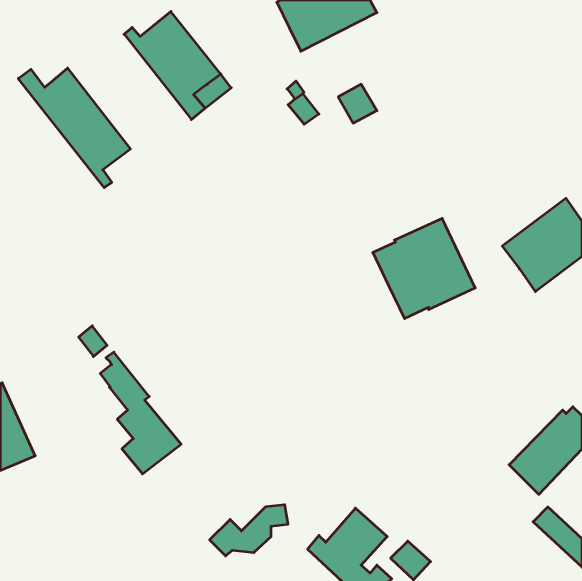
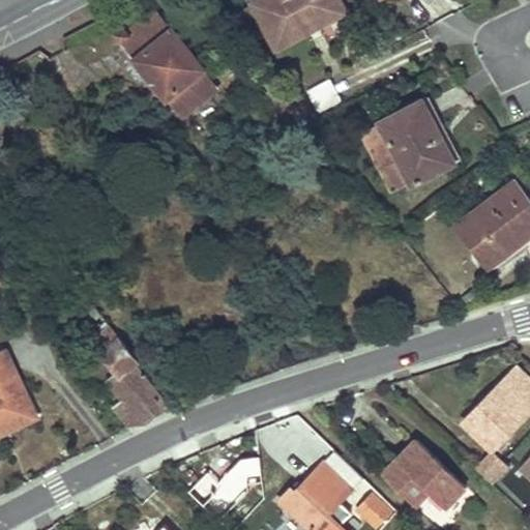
building: [18,68,130,188] -> none
building: [373,218,475,319] -> [360,100,453,192]
building: none -> [380,438,466,508]

